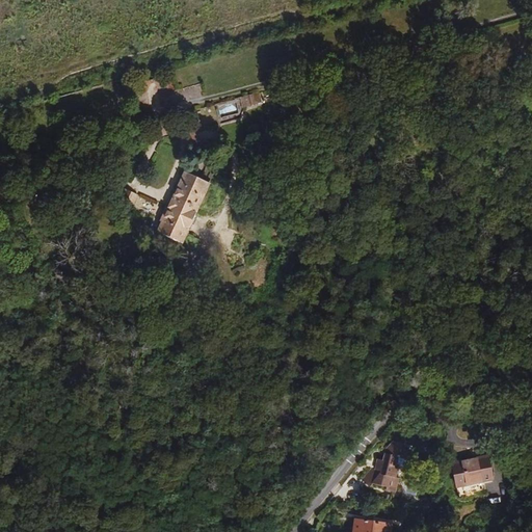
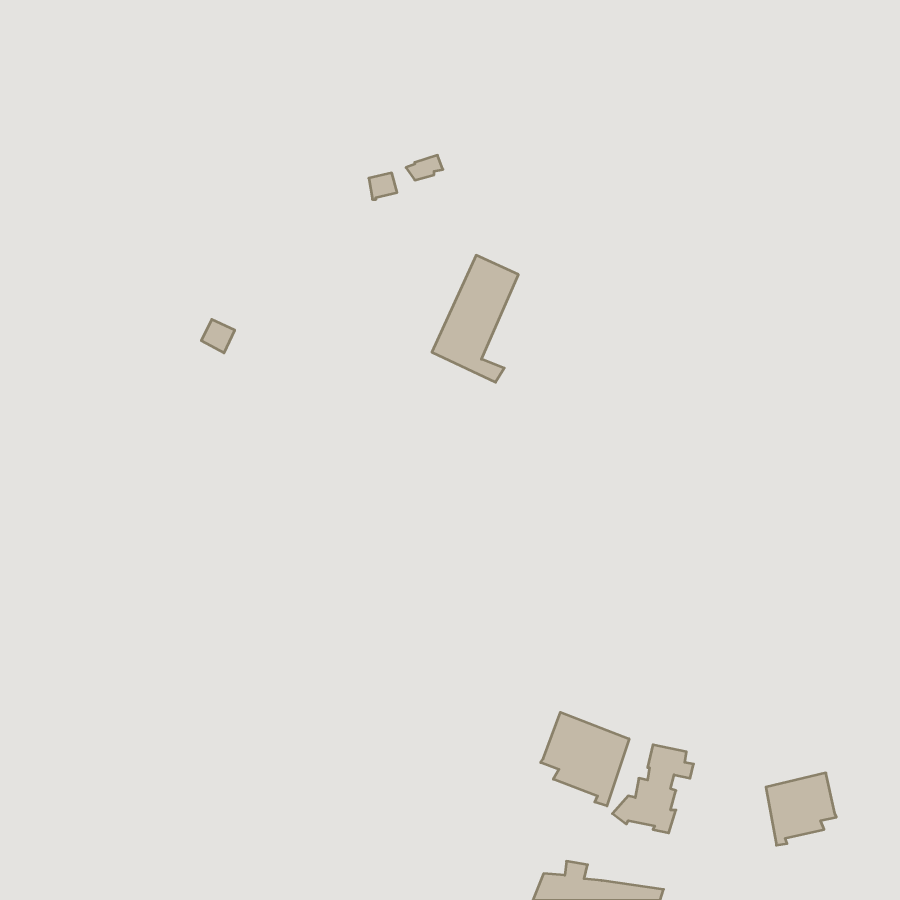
building: [157,172,208,247] -> [432,255,518,382]
building: none -> [541,712,629,806]

